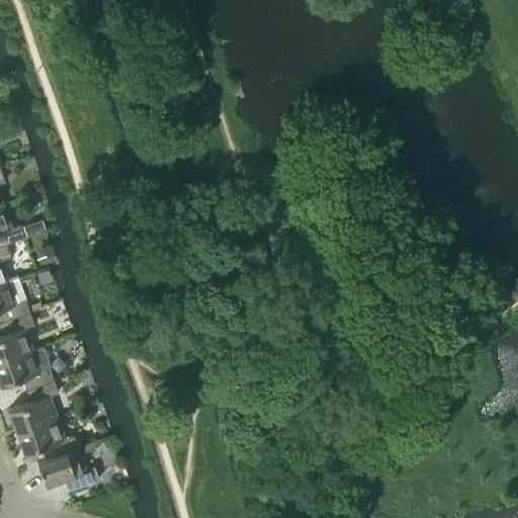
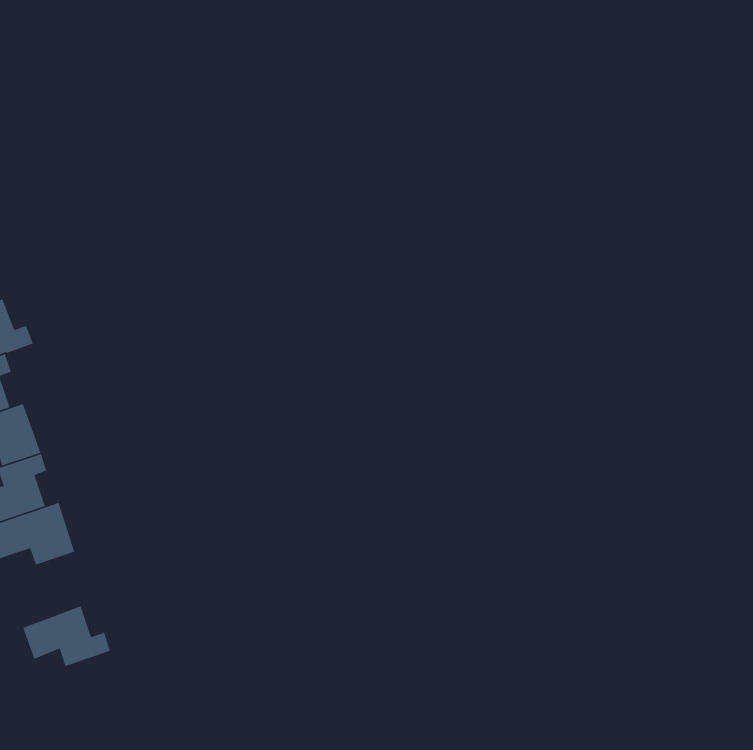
building: [7,381,57,433] -> none
building: [35,449,97,492] -> none

